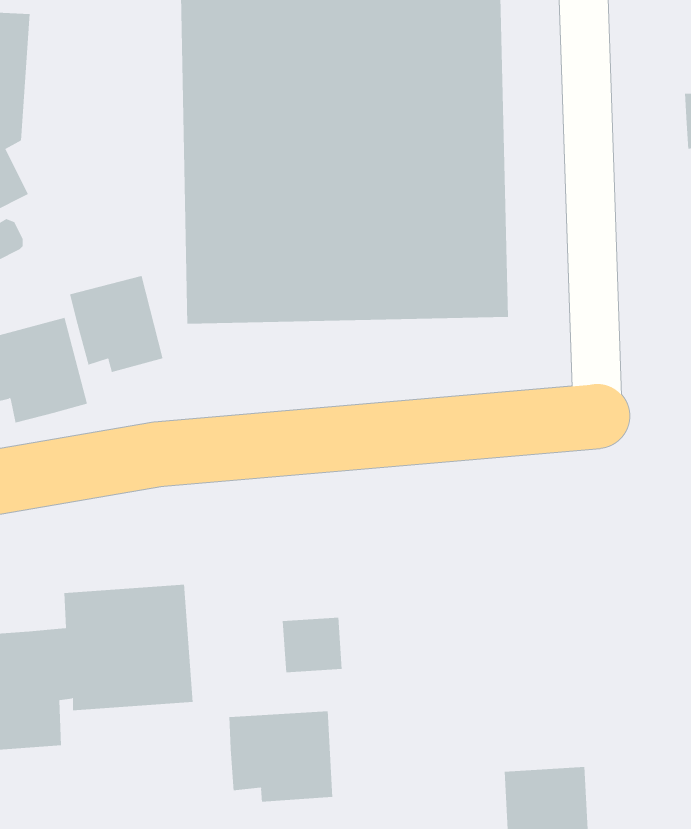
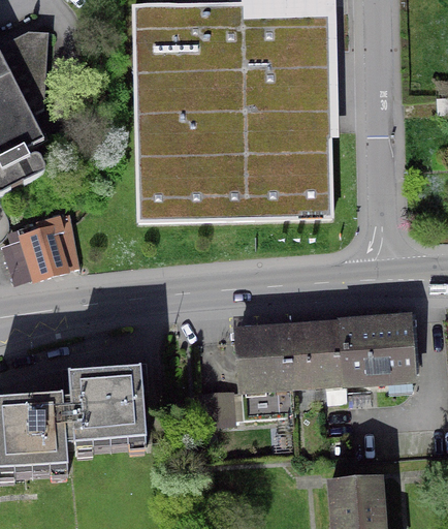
building: [70,275,163,373] -> none
building: none -> [235,317,410,416]
building: [229,711,333,802] -> none

